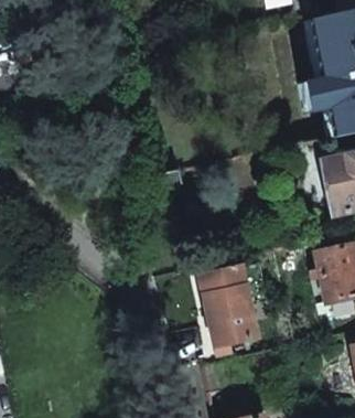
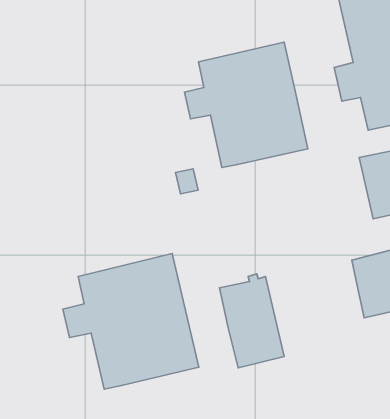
building: none -> [185,42,308,168]
building: none -> [63,254,199,389]

